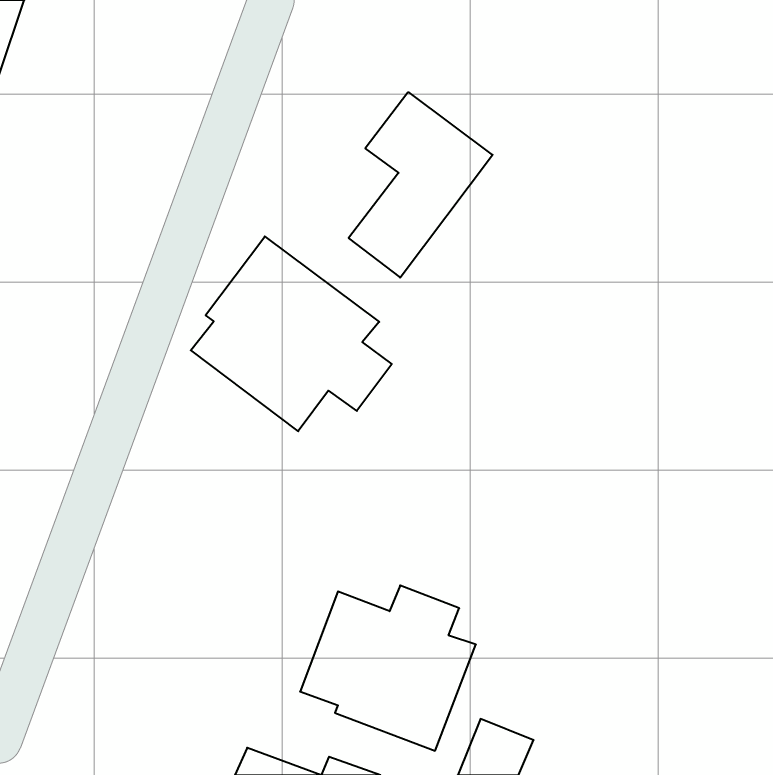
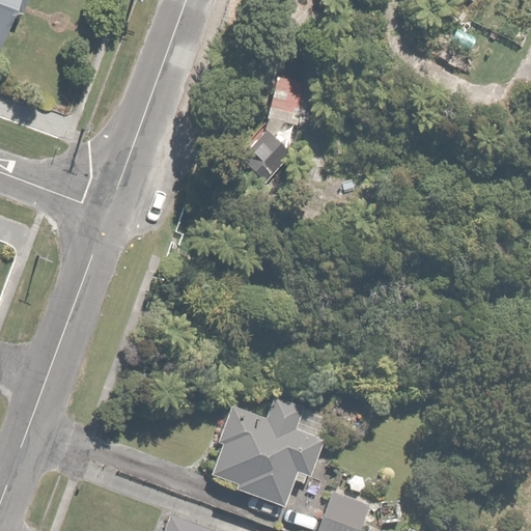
building: [191,236,392,431] -> none

